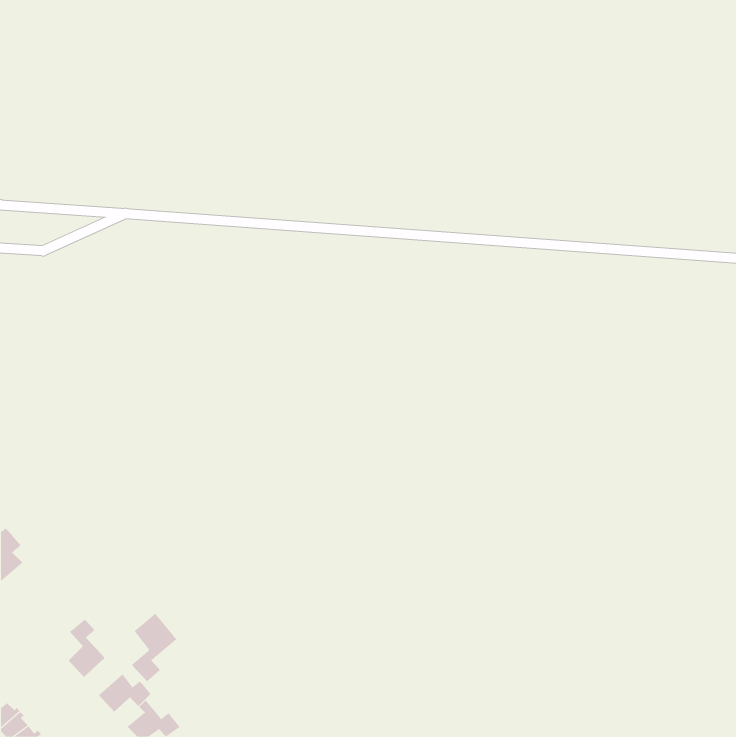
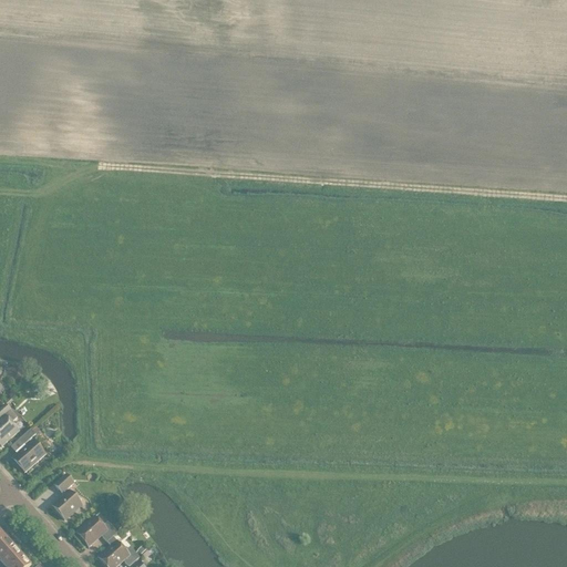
building: none -> [12,427,45,473]
building: [131,613,177,682] -> none

